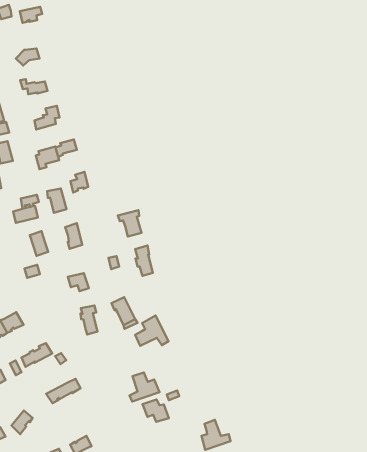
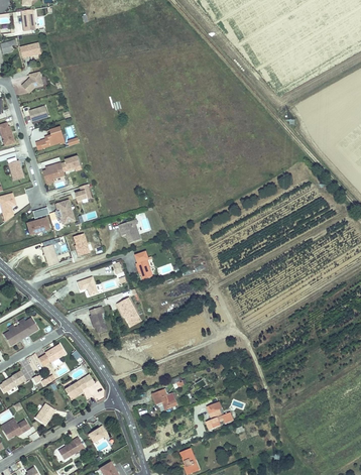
building: [135,315,168,346] -> none
building: [129,373,159,402] -> none

